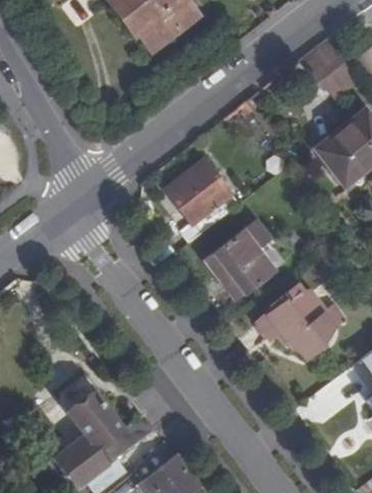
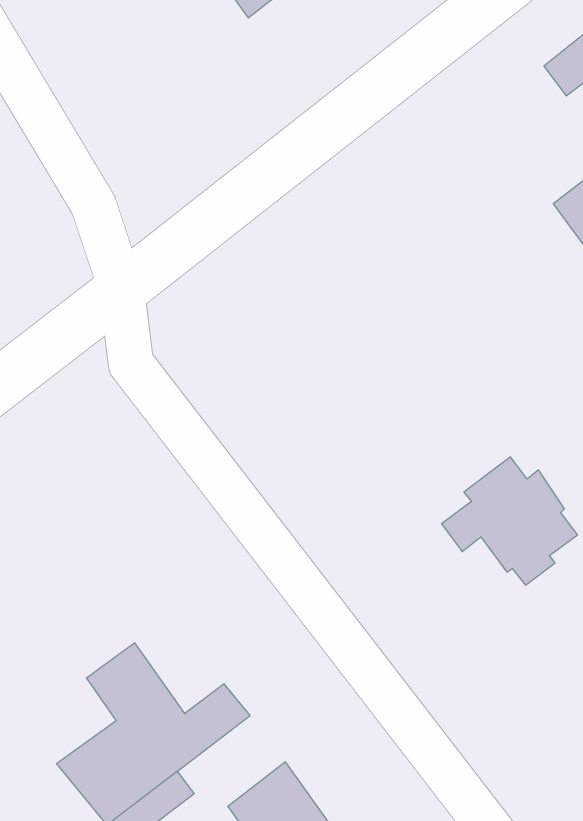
building: [167,159,242,242] -> none
building: [206,221,274,299] -> none

